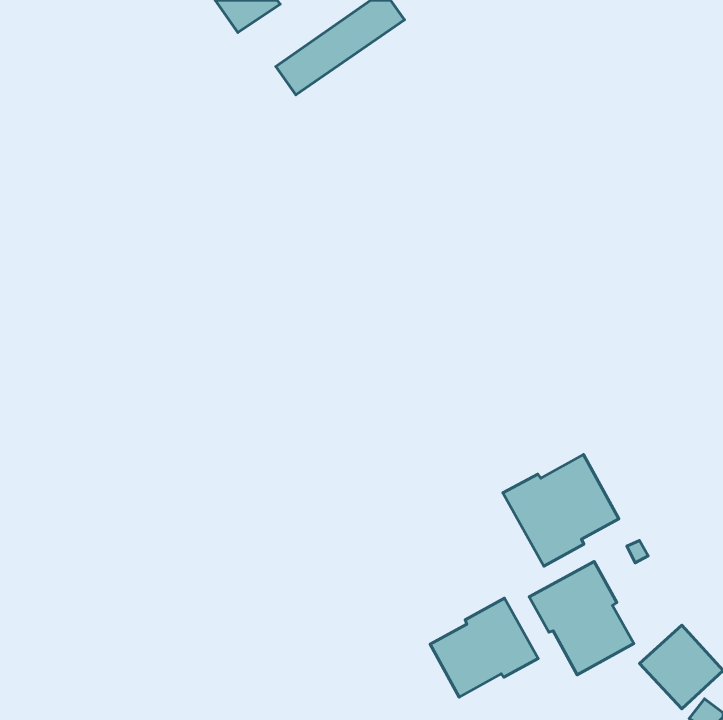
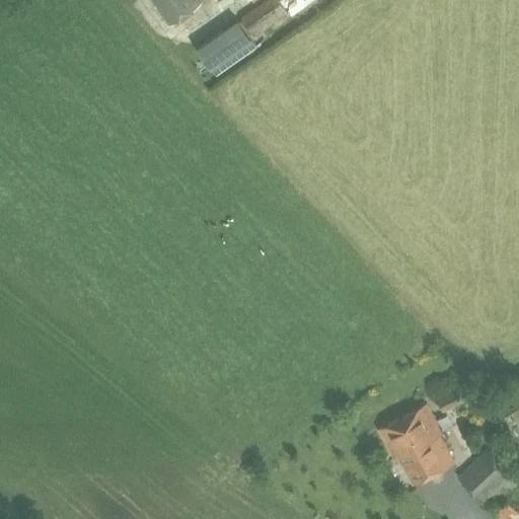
building: [503,454,619,566] -> none
building: [430,598,538,697] -> none

